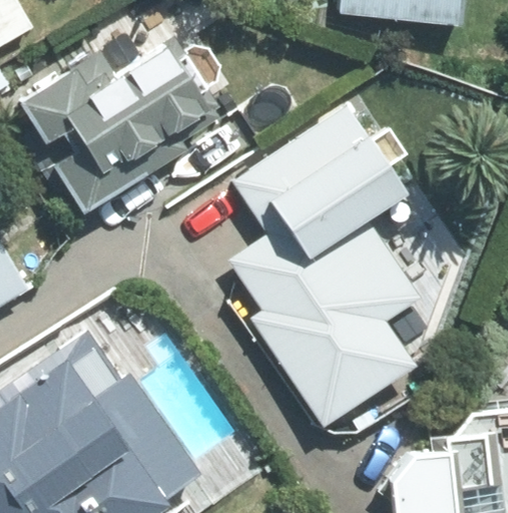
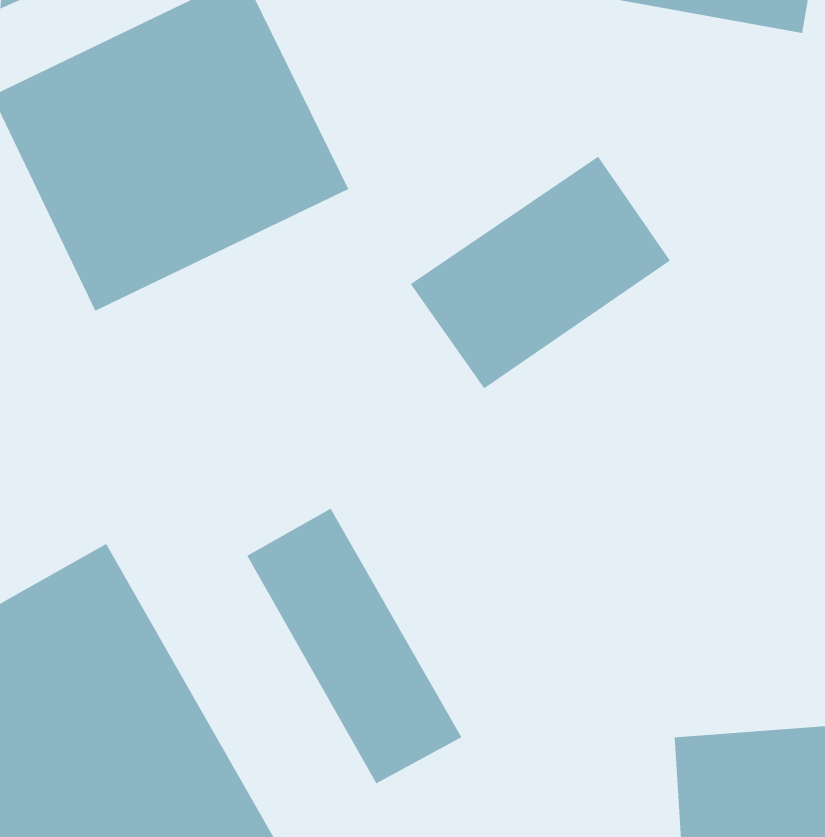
building: [250,240,430,422] -> none
building: none -> [246,508,462,784]

